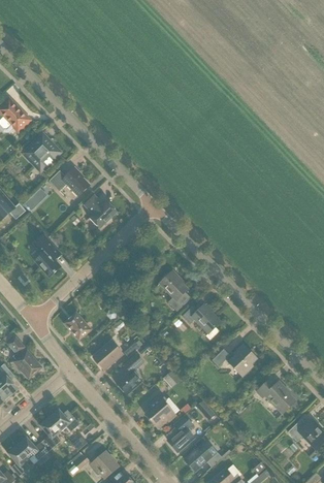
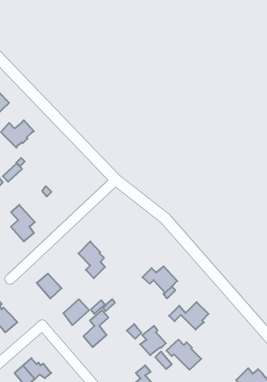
building: [48,166,90,196] -> none
building: [83,194,117,228] -> none
building: [159,269,189,311] -> [78,241,105,278]
building: [256,378,295,412] -> [166,340,201,370]
building: [145,394,174,427] -> [140,326,166,355]

